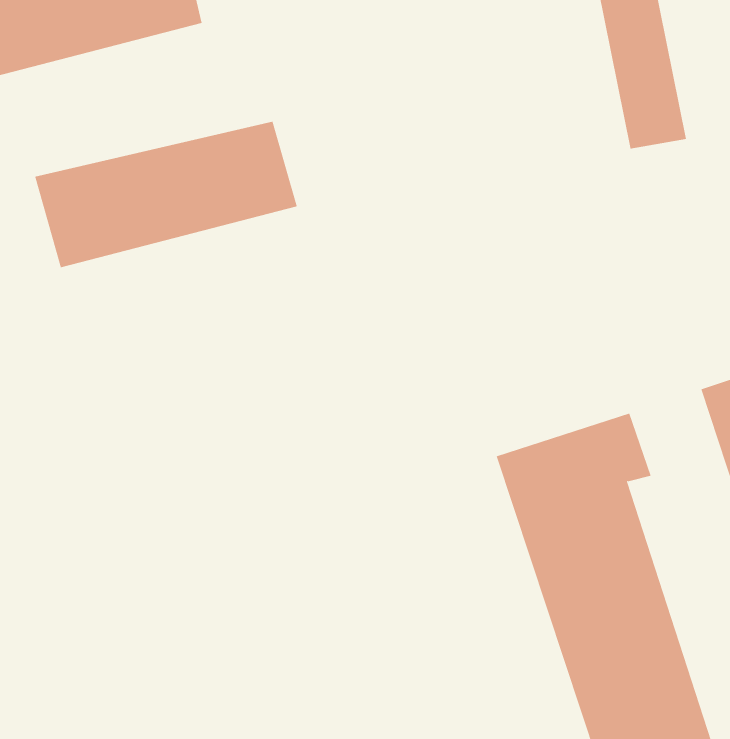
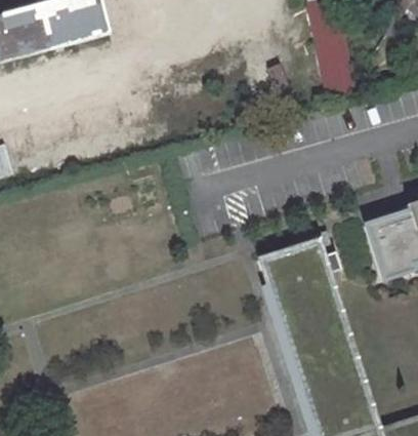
building: [34,121,297,268] -> none

